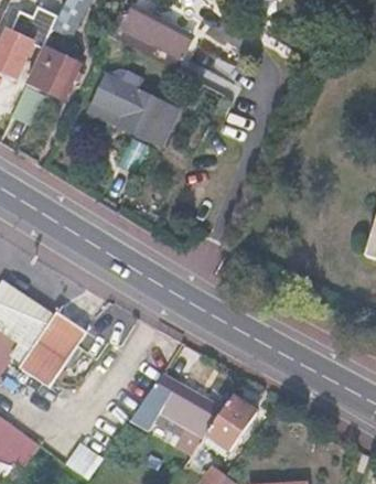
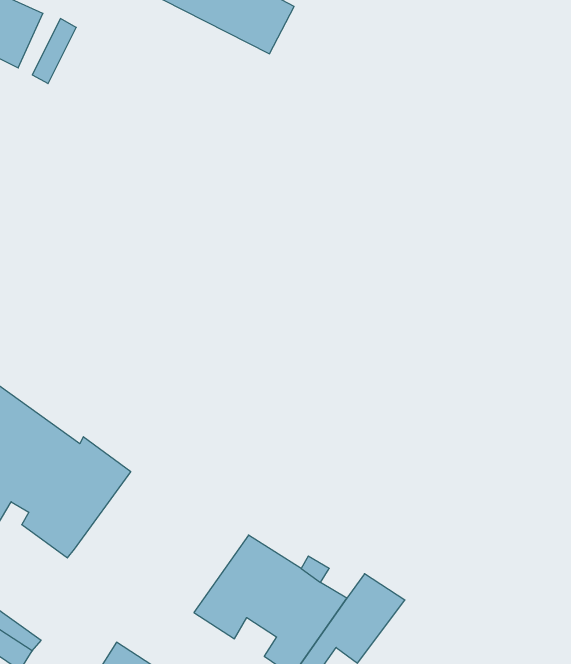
building: [36,53,79,100] -> none
building: [89,73,179,147] -> none

